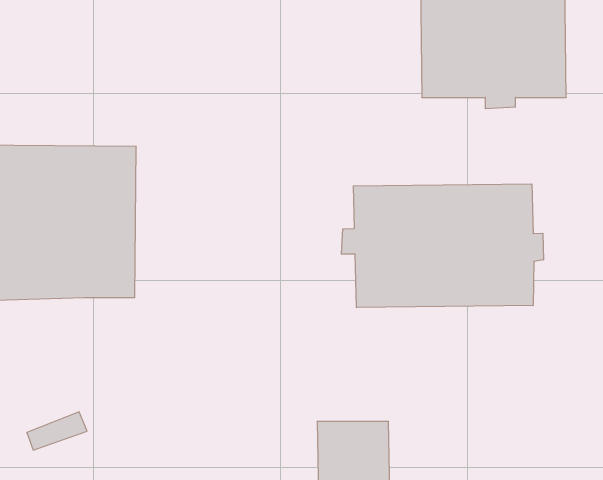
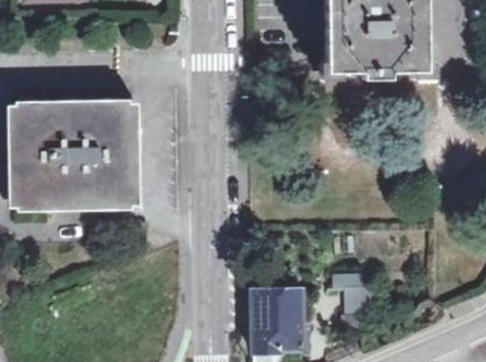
building: [342,184,543,308] -> none
building: none -> [333,275,372,321]

